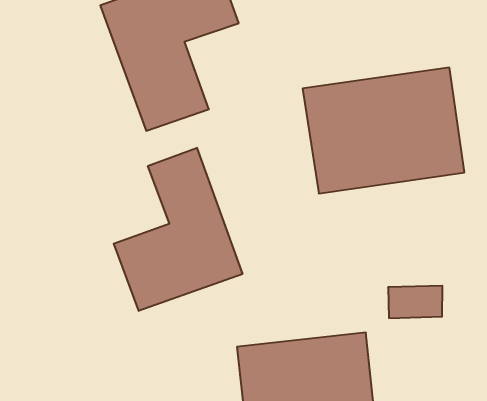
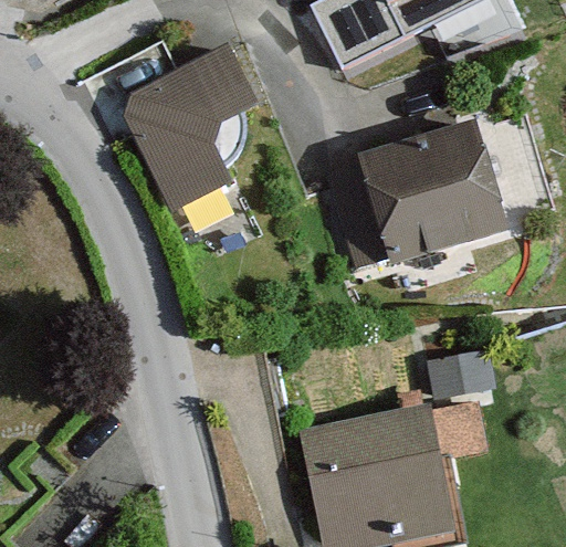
building: [114,148,242,311] -> none

